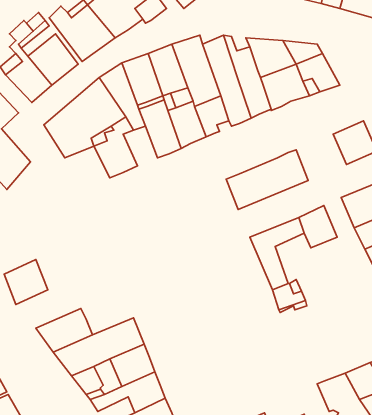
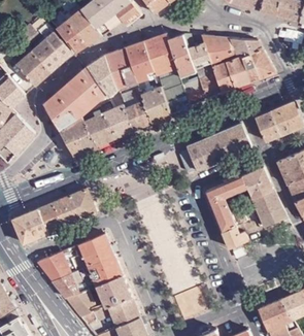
building: none -> [106,105,133,136]
building: none -> [256,111,280,141]
building: none -> [61,121,96,155]
building: none -> [38,188,97,233]
building: none -> [252,192,285,227]
building: none -> [77,233,114,268]

